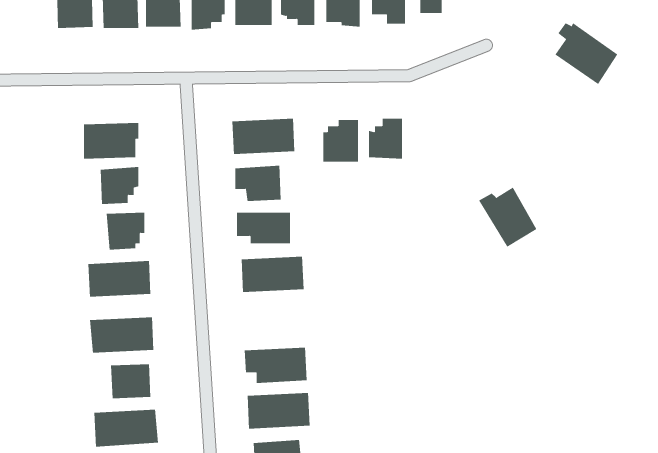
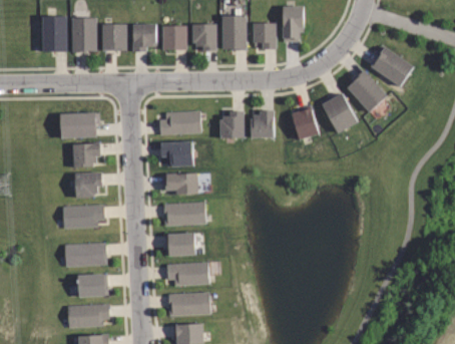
building: none -> [345,70,385,112]
building: none -> [291,106,317,139]
building: [478,187,537,247] -> [319,92,358,132]
building: none -> [165,232,196,256]

